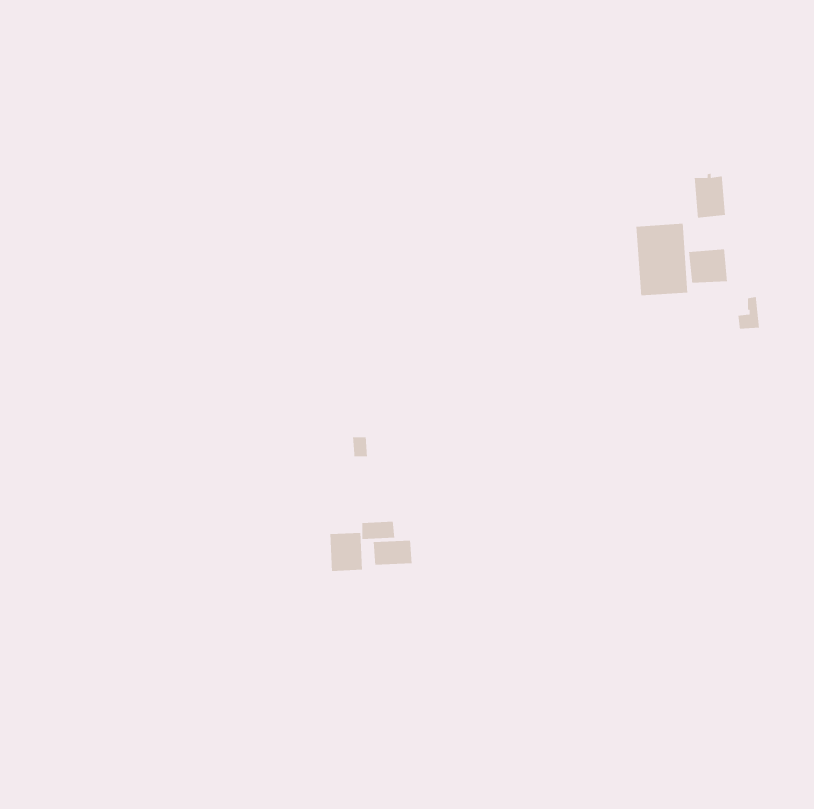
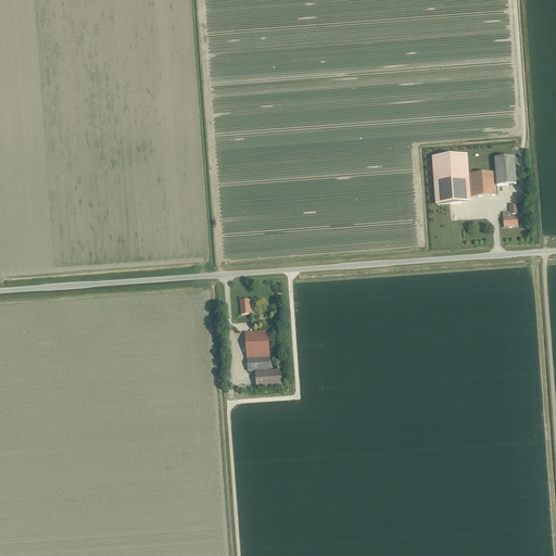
building: [694,172,726,219] -> [494,152,516,184]
building: [329,532,363,572] -> [245,329,268,356]

